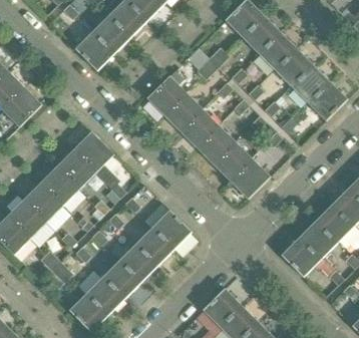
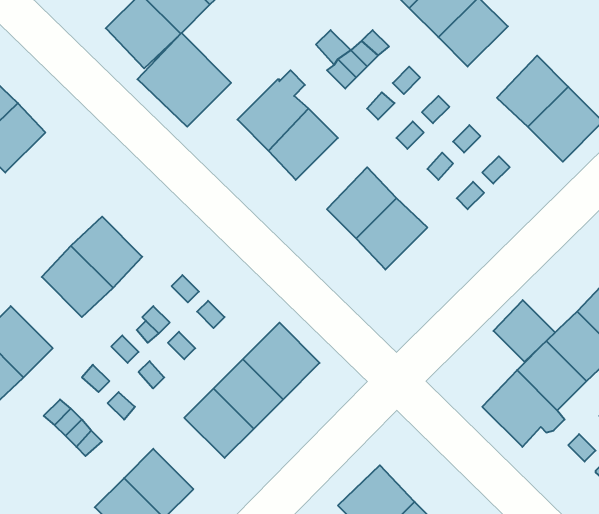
building: [273,47,311,86] -> none
building: none -> [137,33,231,127]
building: [178,108,218,147] -> none
building: [72,132,113,174] -> none
building: [228,157,270,200] -> none
building: [22,185,61,224] -> none
building: none -> [493,300,555,362]
building: [100,262,139,301] -> none

